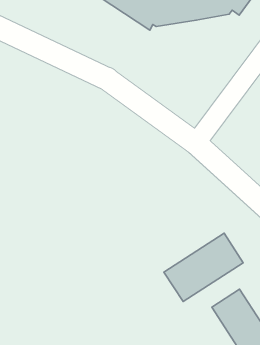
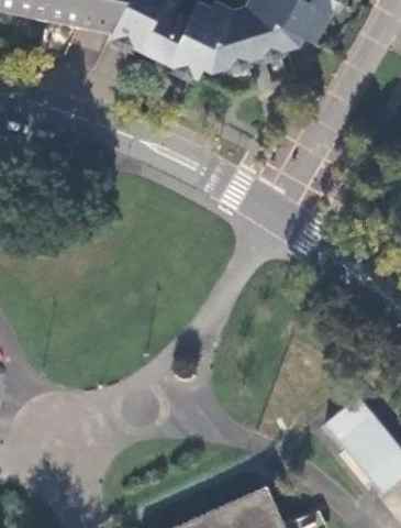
building: [164,233,243,302] -> none

